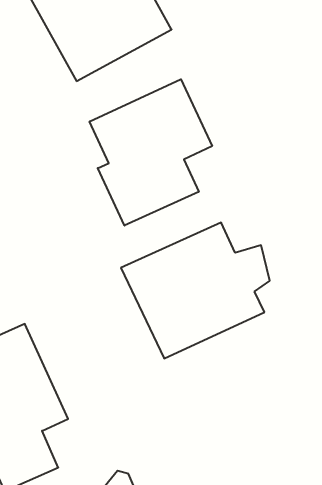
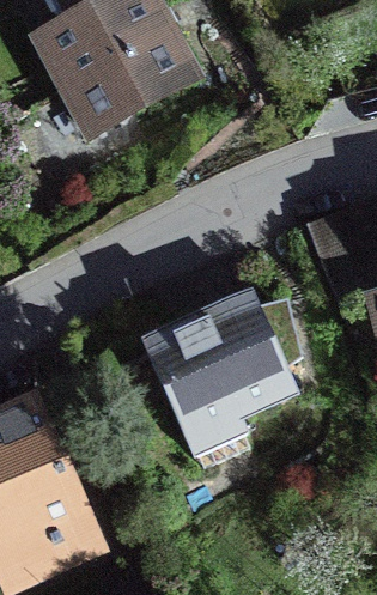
building: [90,79,212,226] -> none

